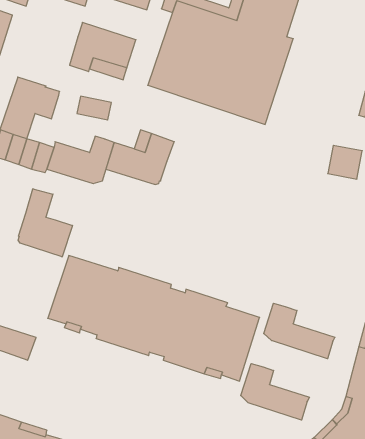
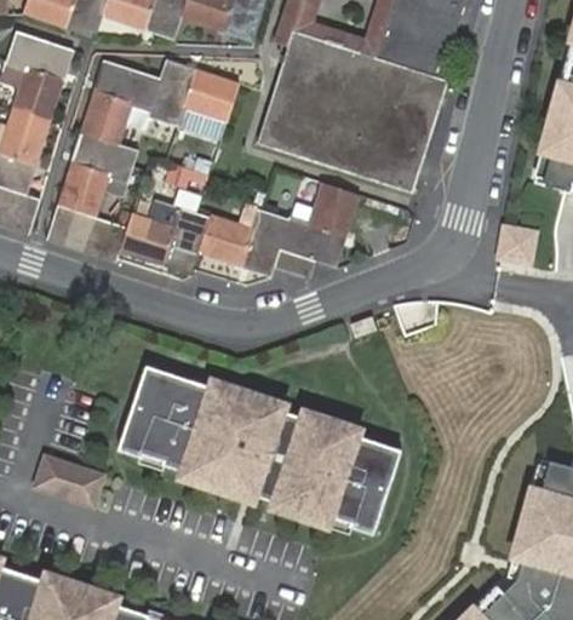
building: none -> [81,59,161,143]
building: none -> [280,179,359,264]
building: [18,189,72,257] -> none
building: [264,303,335,359] -> none
building: [241,364,309,420] -> none

